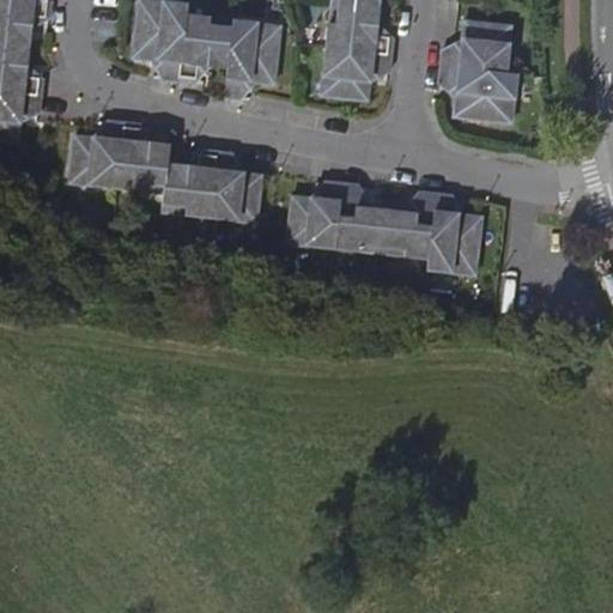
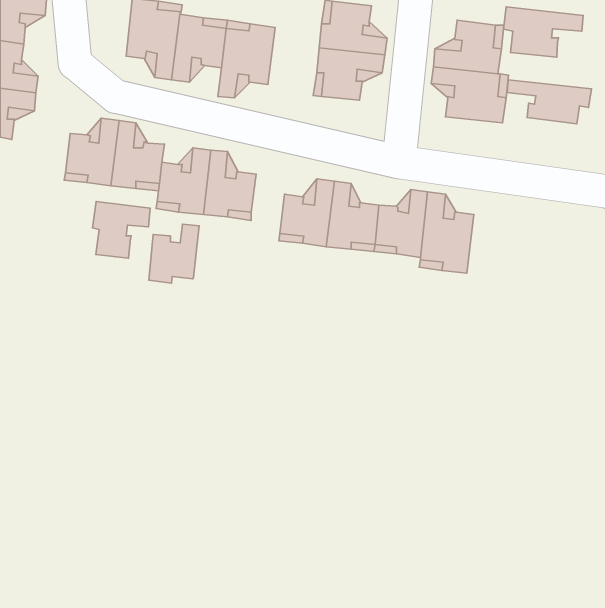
building: none -> [503,7,583,57]
building: none -> [507,80,592,124]
building: none -> [93,201,150,258]
building: none -> [149,224,199,283]

